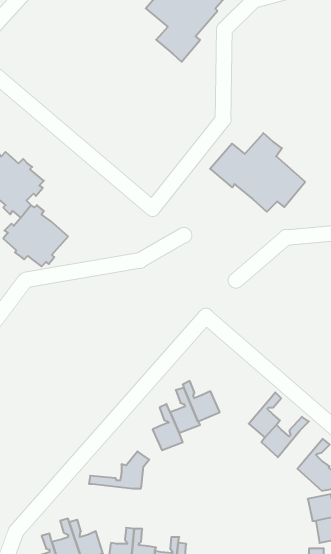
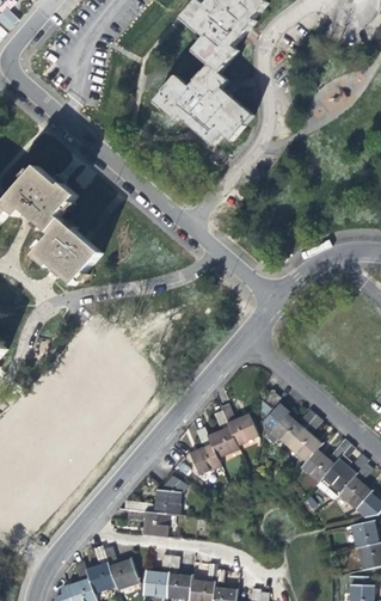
building: [210,133,305,212] -> [155,65,253,146]
building: none -> [260,400,317,447]
building: none -> [317,444,369,499]
building: none -> [127,509,170,536]

